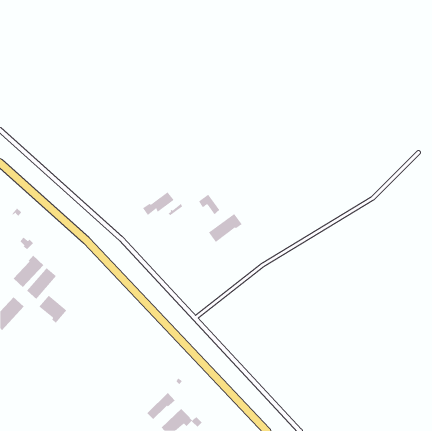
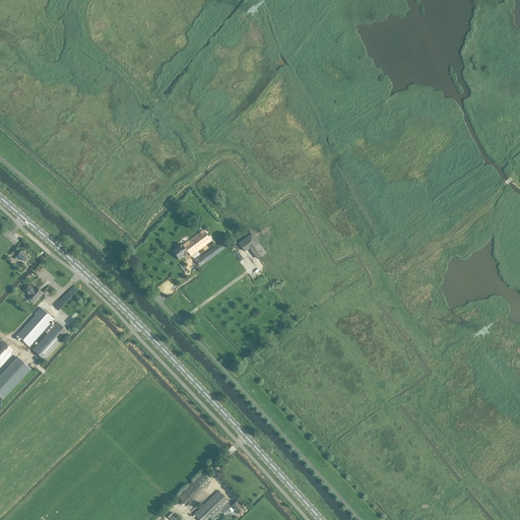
building: [208,213,243,243] -> none
building: [38,295,67,324] -> none

